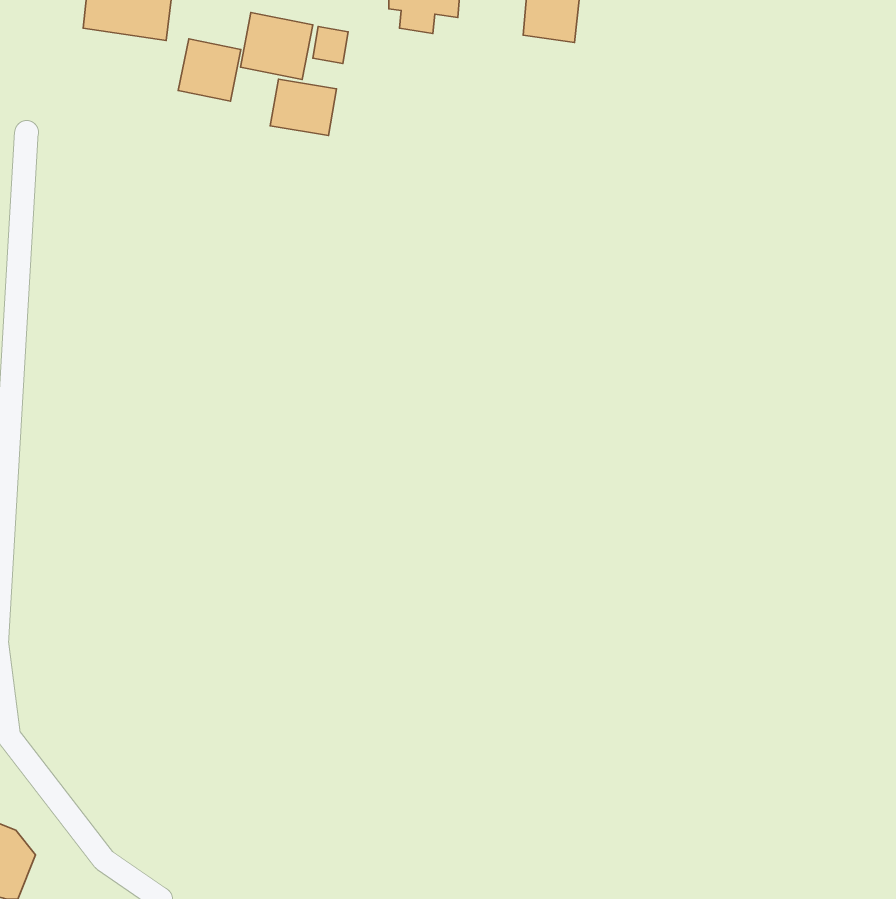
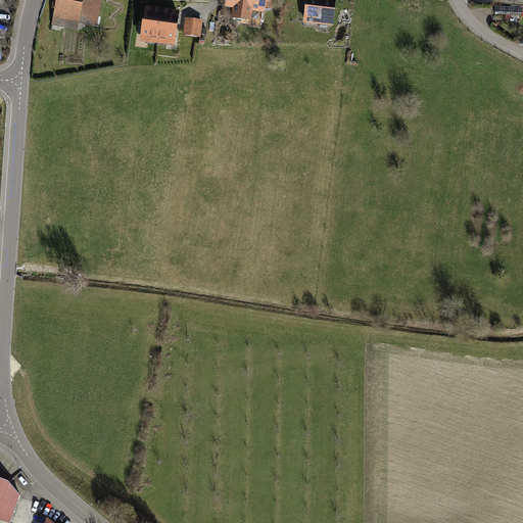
building: [178,39,241,101] -> none
building: [270,79,337,135] -> none

